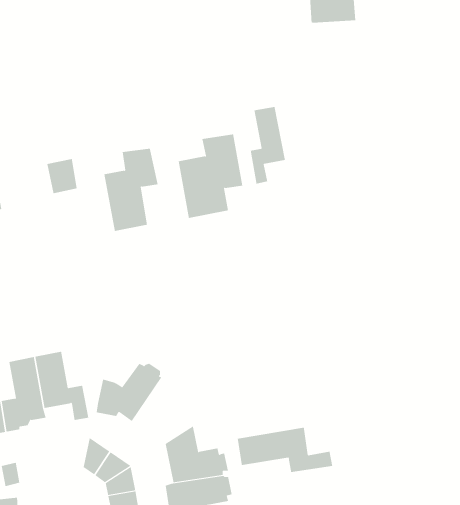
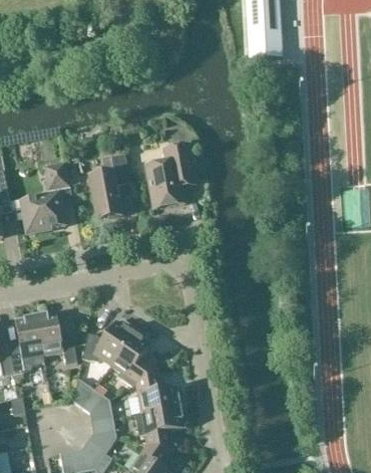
building: [250,106,285,184] -> none
building: none -> [21,192,65,232]
building: none -> [110,331,157,386]
building: [237,427,333,473] -> none

